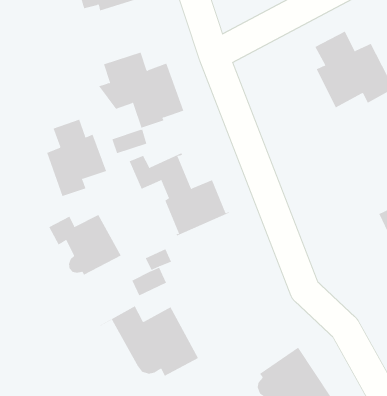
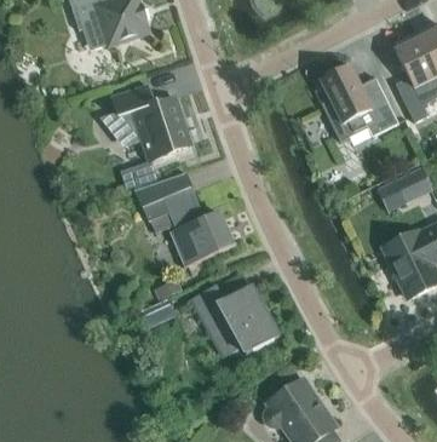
building: [46,119,107,197] -> none
building: [49,214,122,276] -> none
building: [98,305,199,377] -> [179,283,278,354]

